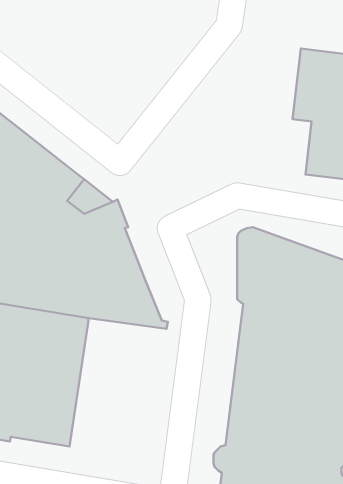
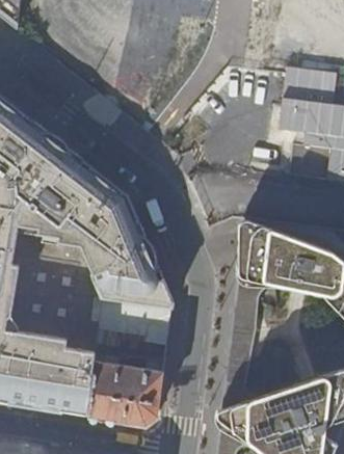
building: none -> [87,300,171,425]

